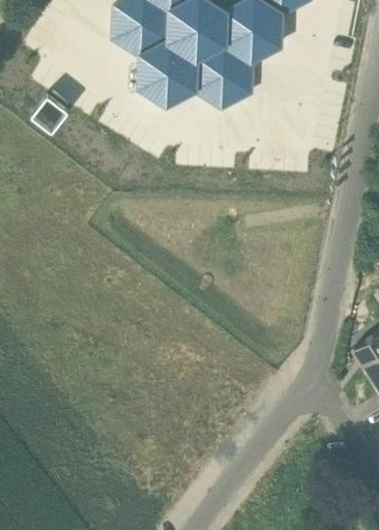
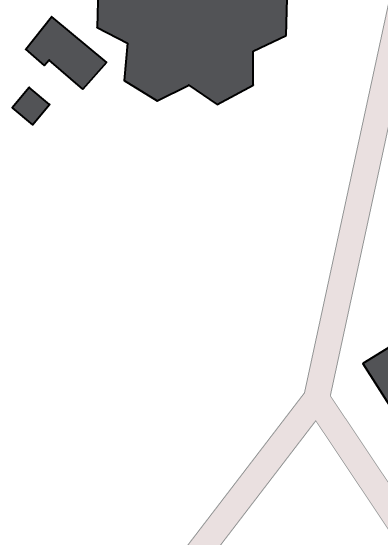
building: none -> [26,17,106,89]

